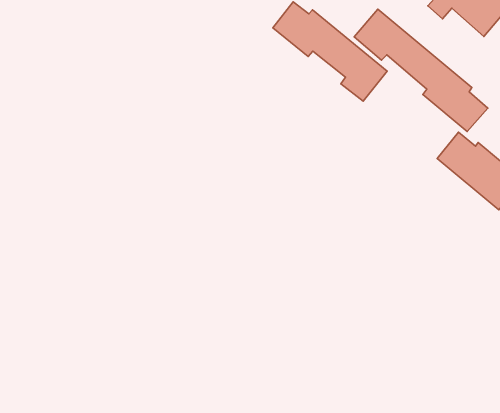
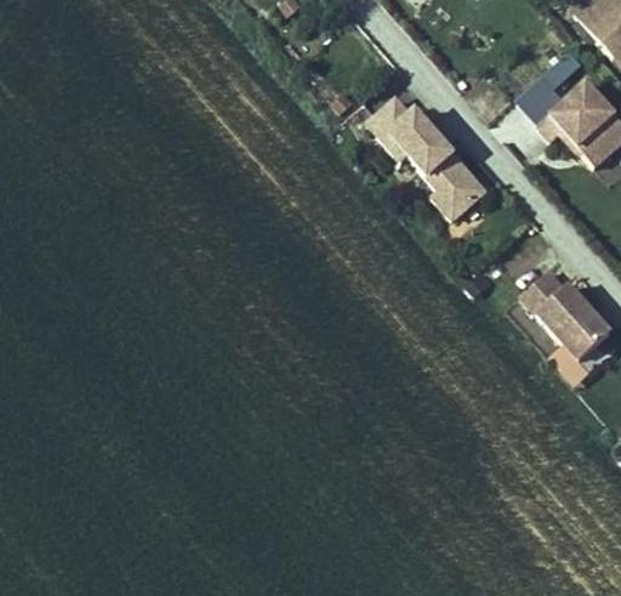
building: [354,9,488,131] -> none

